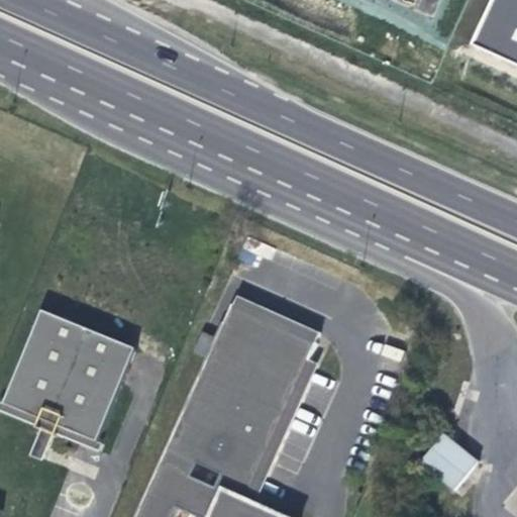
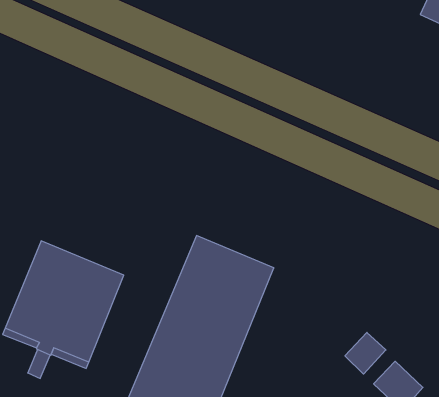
building: none -> [345,332,386,374]

